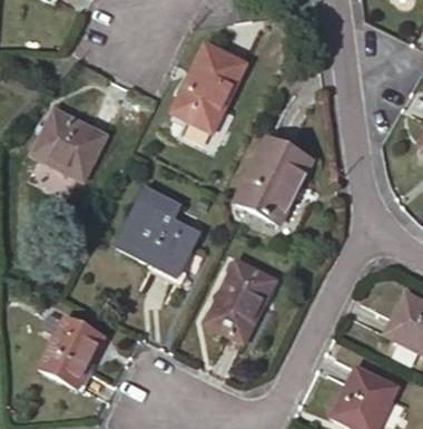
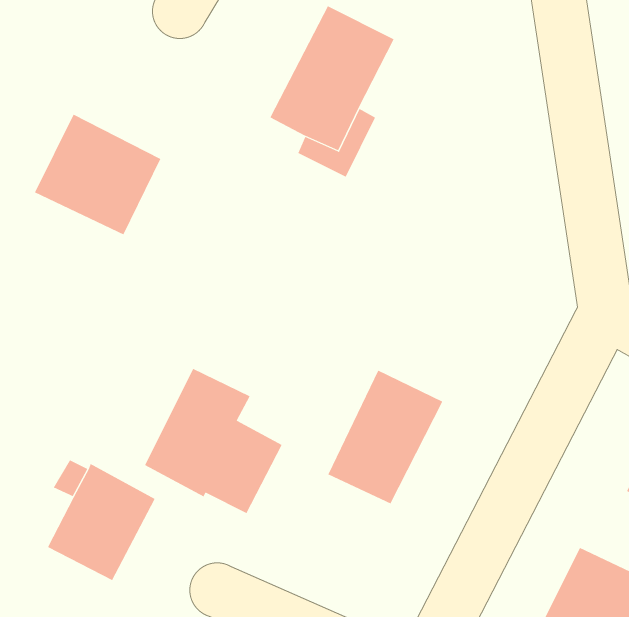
building: [235,137,312,223] -> none
building: [117,188,199,275] -> [144,368,282,514]

